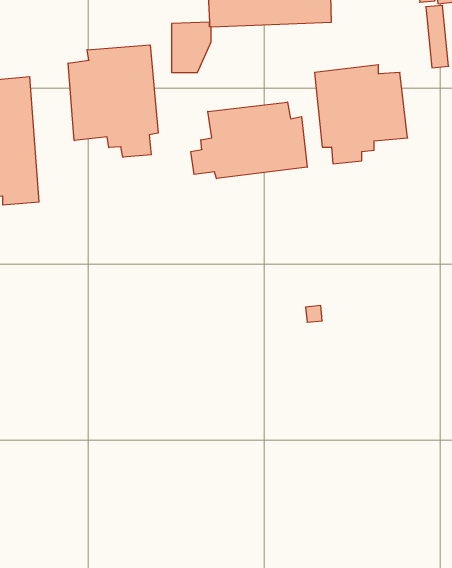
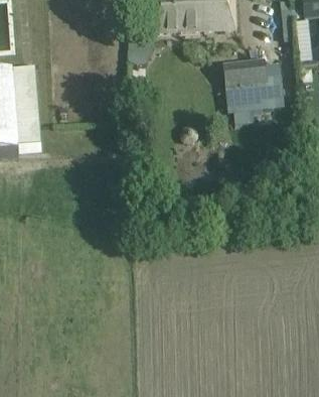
building: [68,45,158,157] -> none
building: [191,102,307,179] -> none

